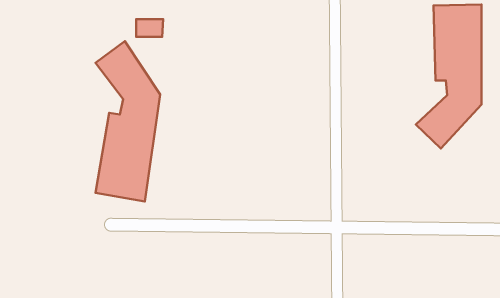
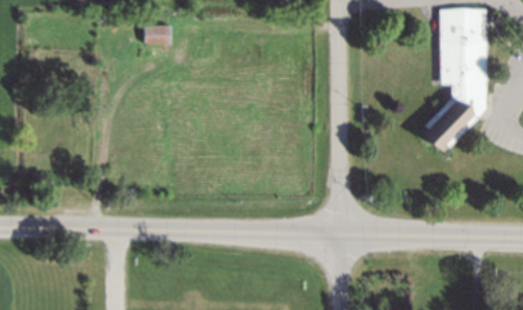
building: [95,41,160,201] -> none

